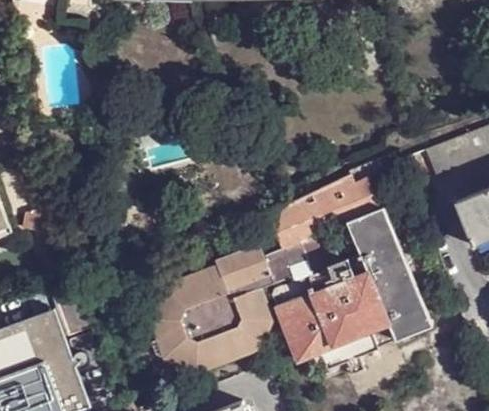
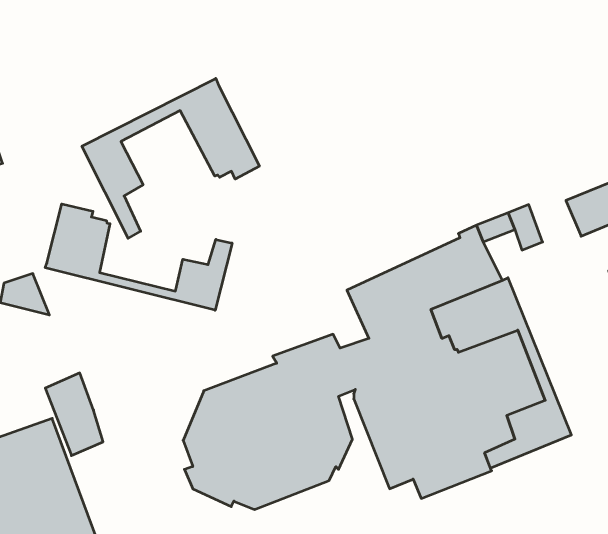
building: none -> [82,78,259,238]
building: none -> [45,204,232,310]

